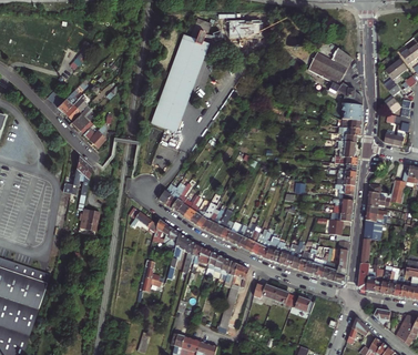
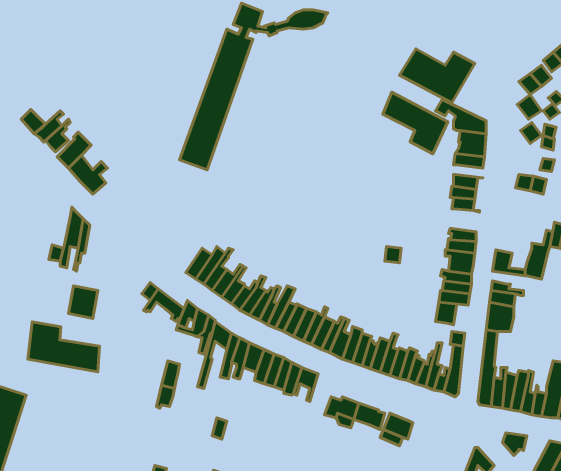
building: [150,32,207,132] -> none
building: none -> [383,92,448,154]
building: none -> [28,322,100,372]

